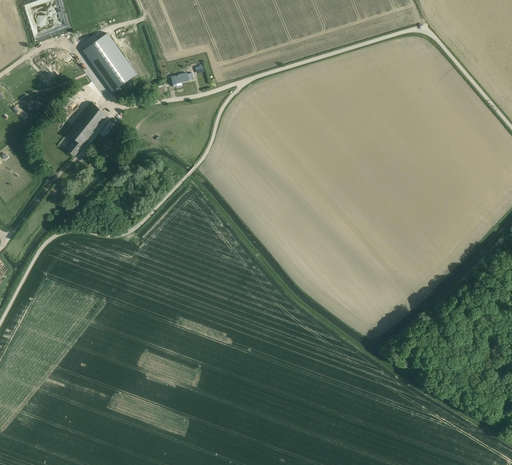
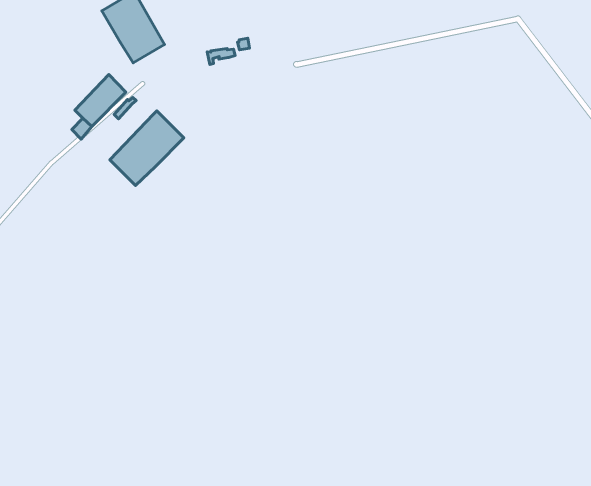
building: none -> [110,111,184,186]

